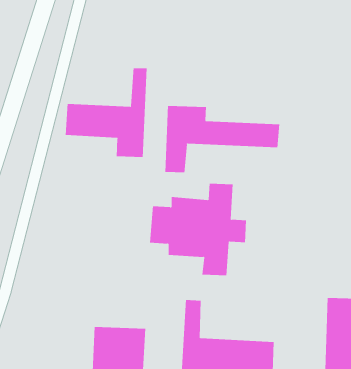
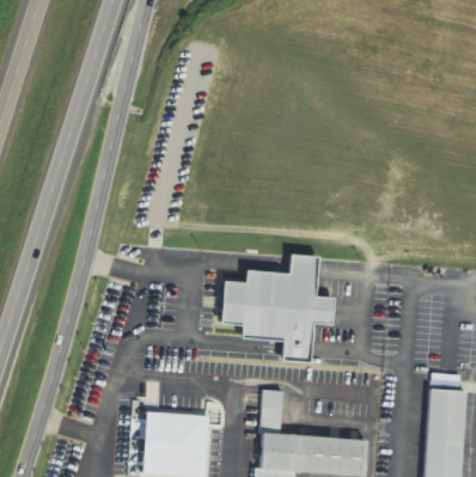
building: [65,67,147,158] -> none
building: [165,105,280,173] -> none

